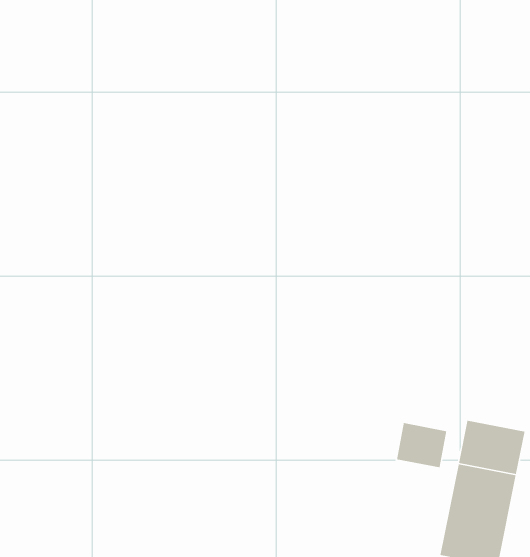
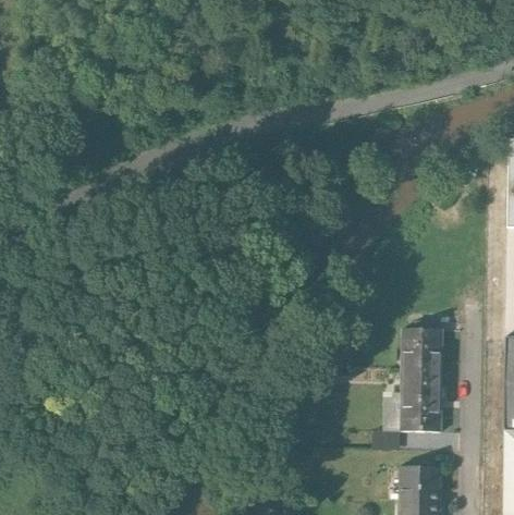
building: [396,422,447,468] -> none

